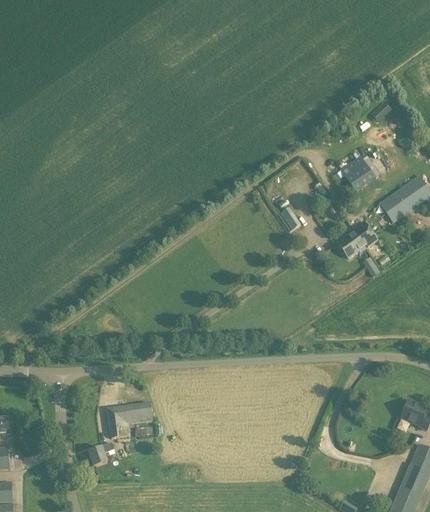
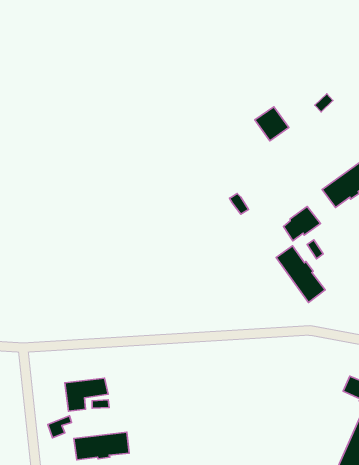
building: [340,156,376,192] -> [255,107,289,141]
building: none -> [276,246,325,302]
building: none -> [74,432,129,460]

